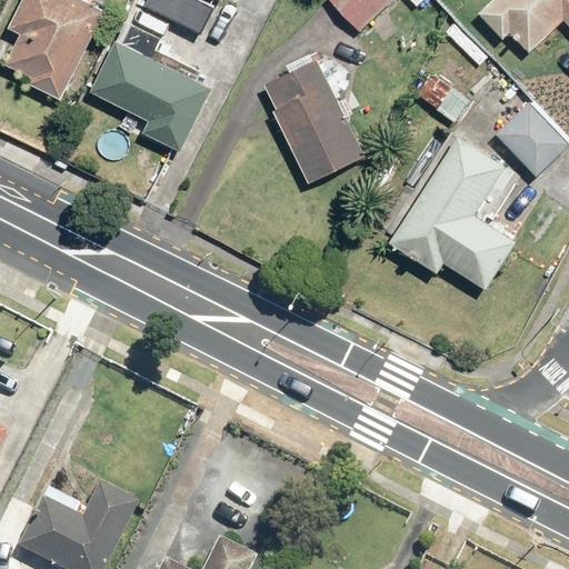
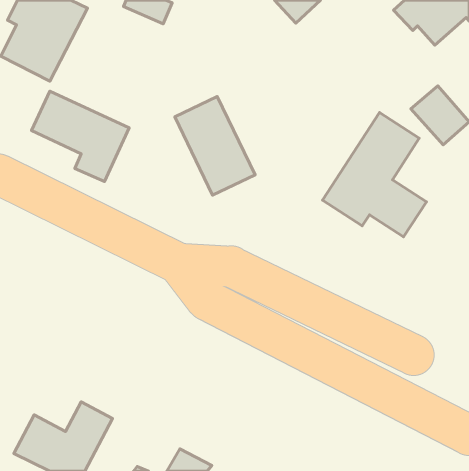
building: [91,42,209,151] -> [32,91,129,181]
building: [262,56,359,174] -> [175,97,255,195]

